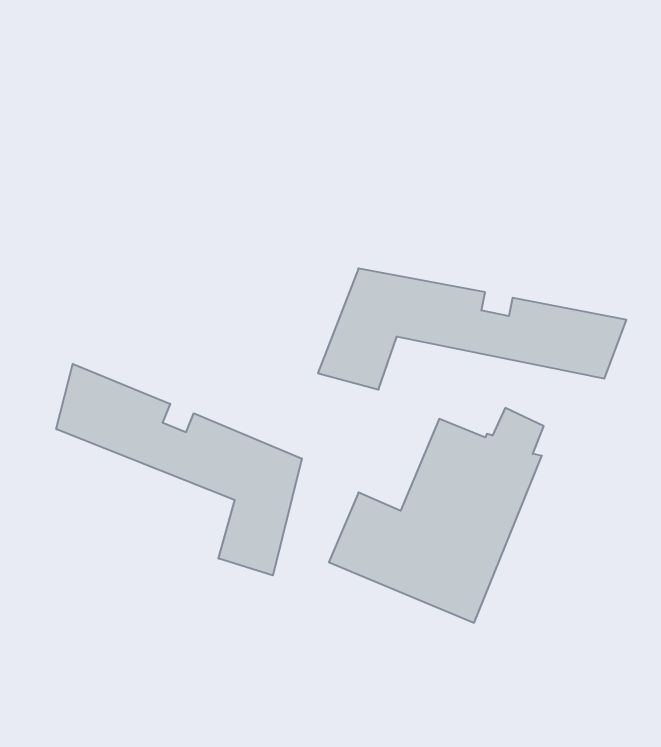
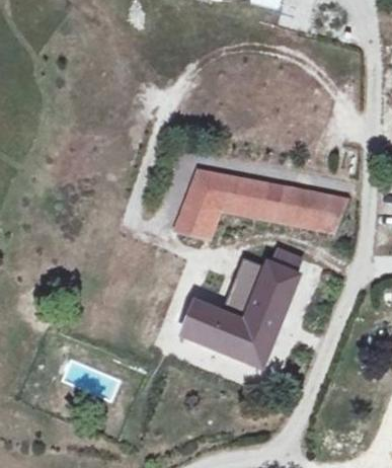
building: [56,364,302,575] -> none

